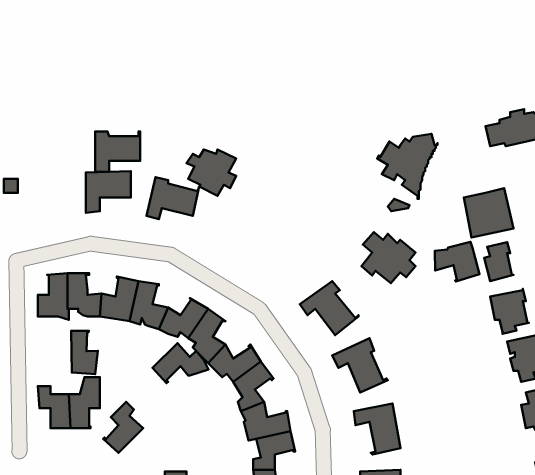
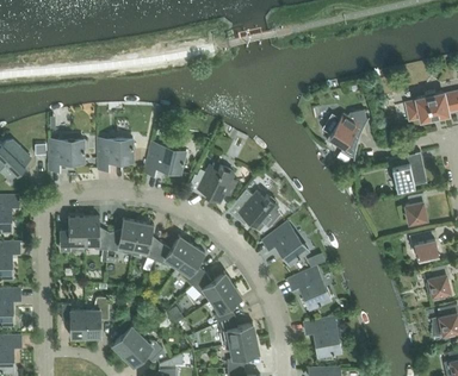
building: [95,132,140,172] -> [49,139,83,170]
building: [187,149,236,196] -> [196,165,234,201]
building: [361,232,416,283] -> [236,189,278,228]
building: [435,242,479,282] -> none
building: [71,331,98,374] -> none
building: [153,343,208,383] -> [123,336,166,366]

